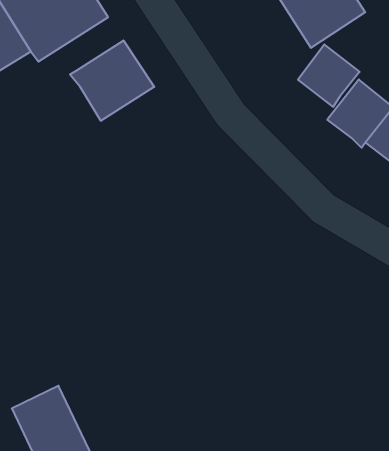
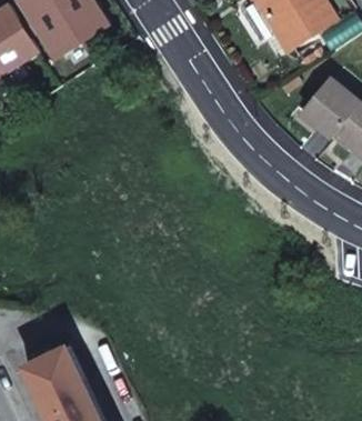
building: [70,40,154,121] -> none
building: [298,44,360,107] -> none

